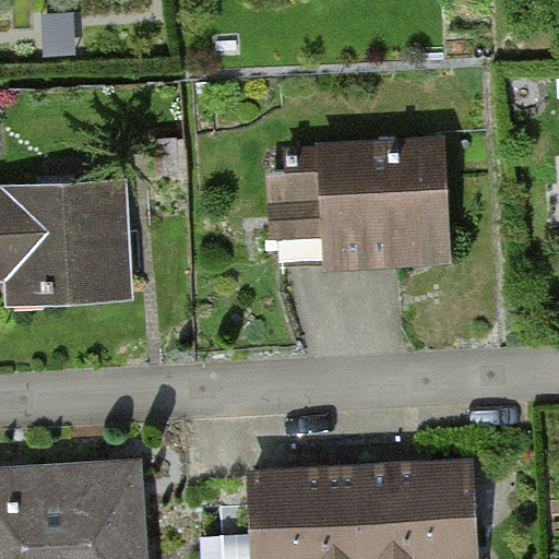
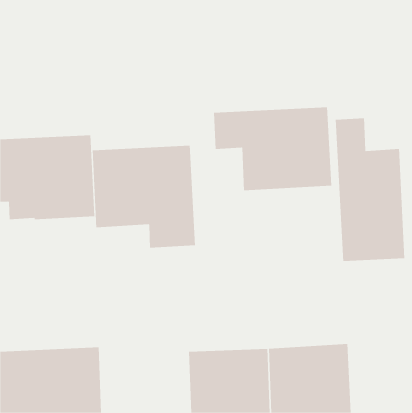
building: none -> [335,117,405,262]
building: none -> [92,145,196,248]

